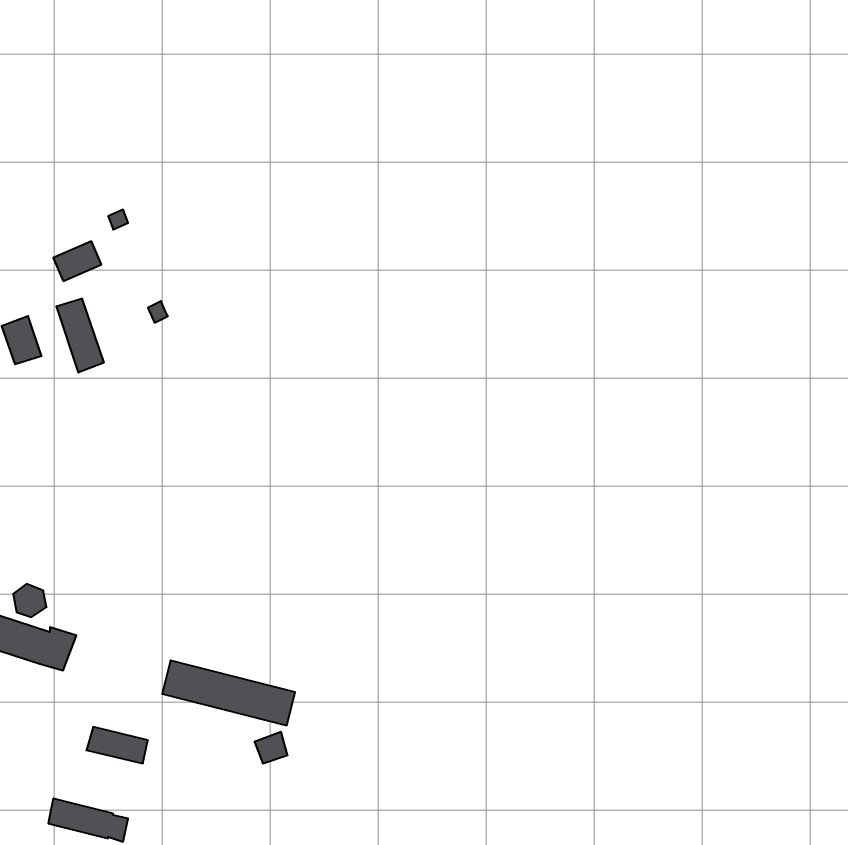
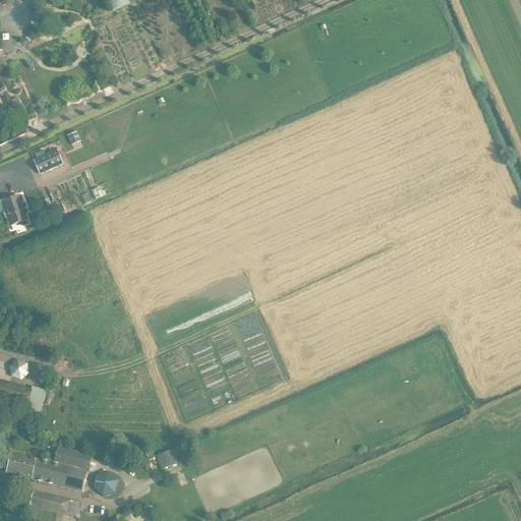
building: [56,298,104,373] -> none
building: [162,660,295,725] -> [5,451,86,490]
building: none -> [91,470,115,494]

